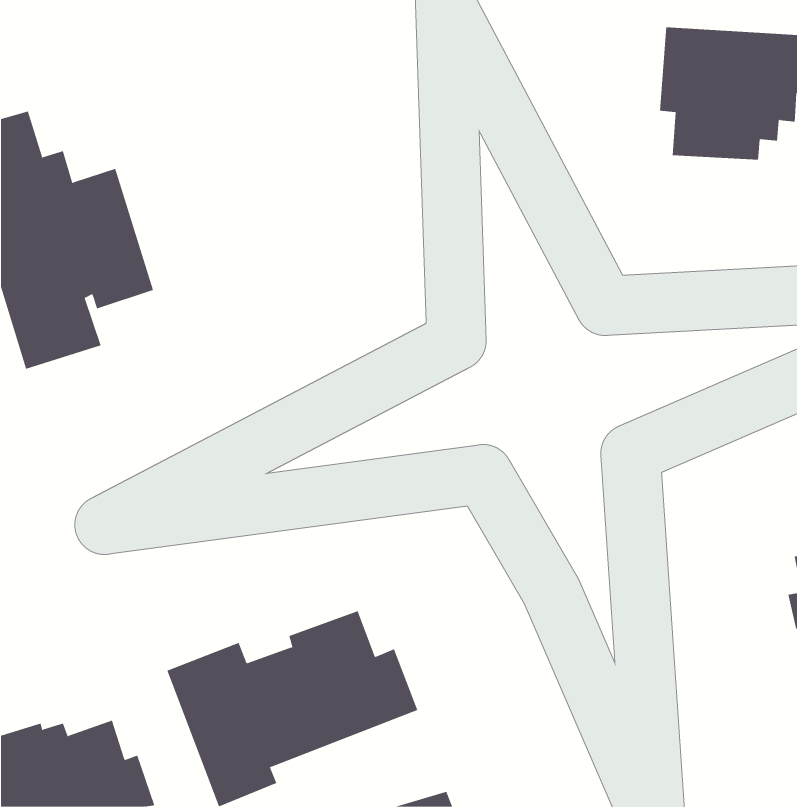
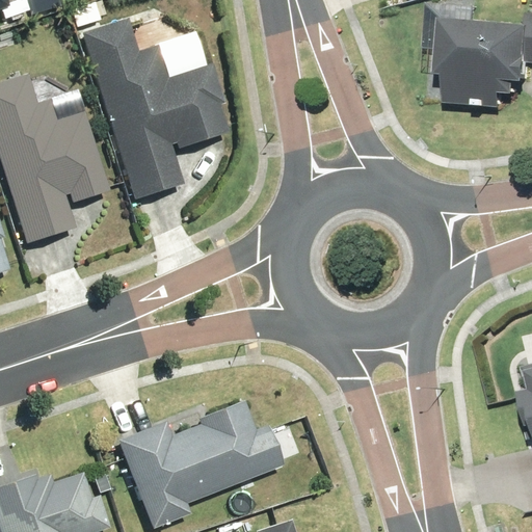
building: none -> [81,18,229,200]

